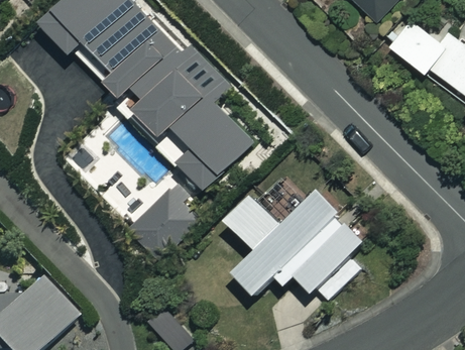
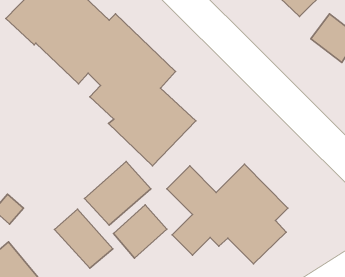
building: none -> [114,205,167,258]
building: none -> [55,209,113,268]

